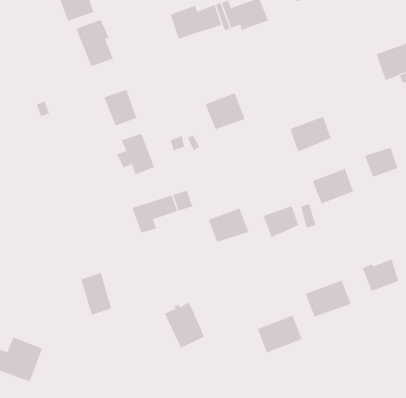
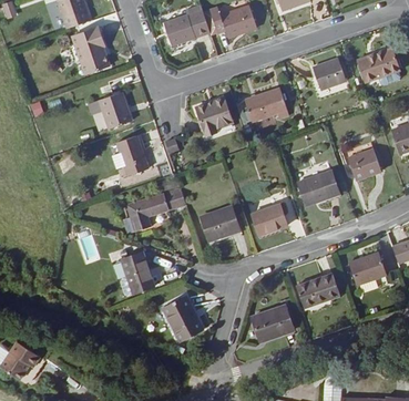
building: none -> [315,55,347,86]
building: [290,116,332,152] -> [247,85,287,120]
building: [81,272,112,315] -> [120,249,150,290]

